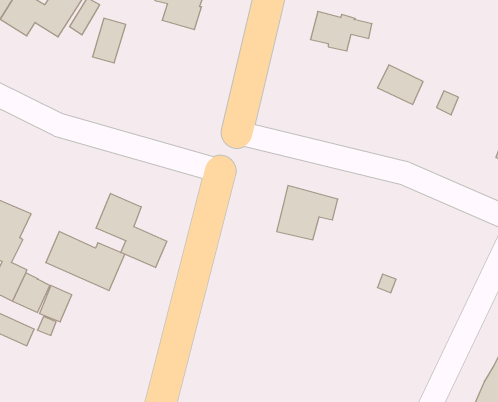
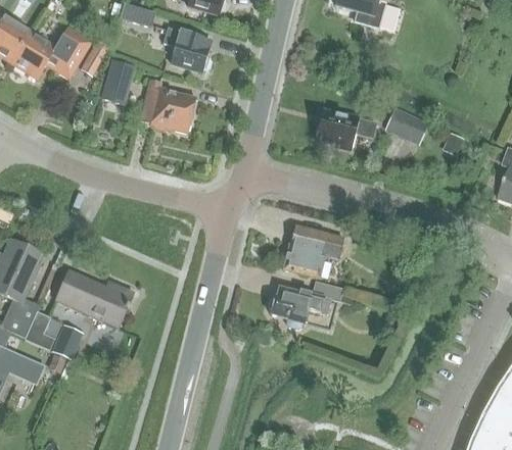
building: [310,11,372,51] -> [316,110,376,149]
building: none -> [141,80,196,133]
building: [96,193,167,268] -> none
building: none -> [266,281,342,330]

